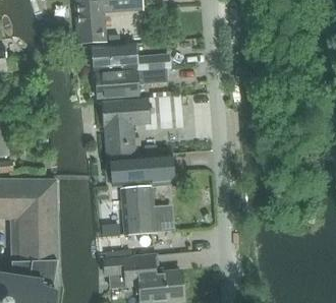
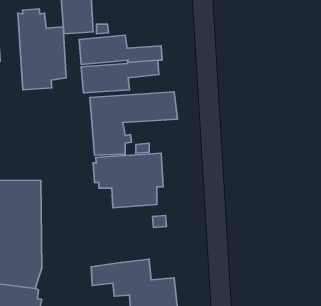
building: none -> [18,9,66,90]
building: [122,203,155,235] -> none

